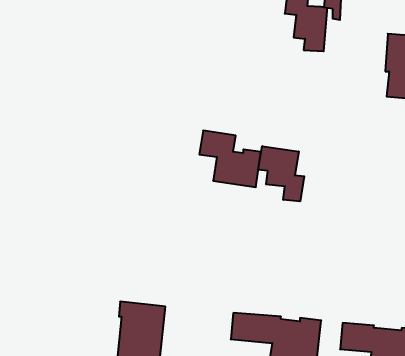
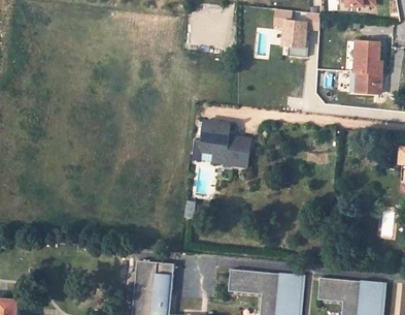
building: [258,146,304,201] -> none
building: none -> [193,139,215,162]

